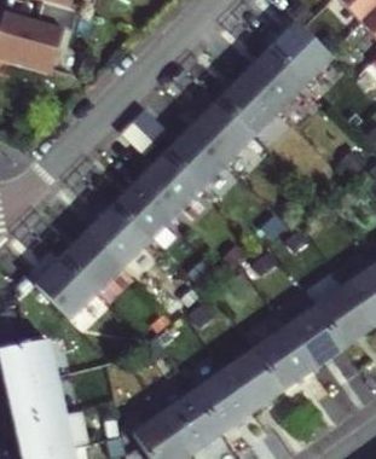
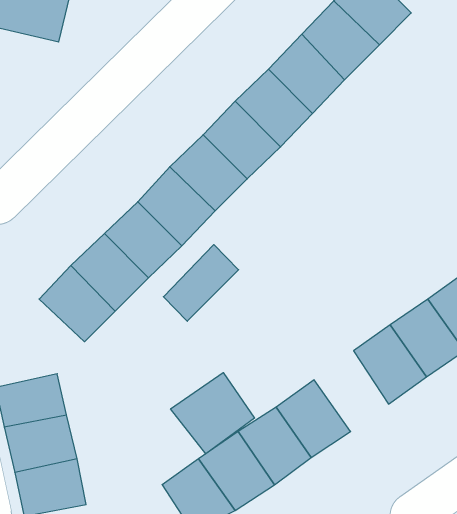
building: none -> [163,245,239,321]
building: [255,324,314,388] -> none
building: none -> [171,373,255,454]

